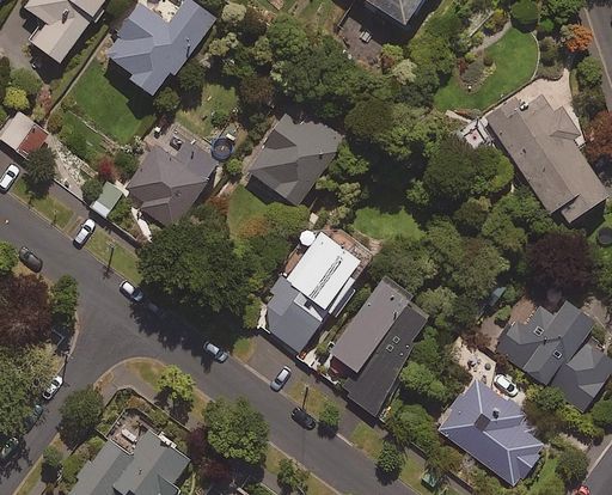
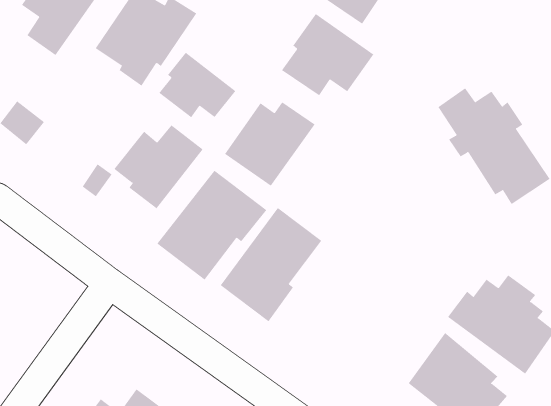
building: none -> [281,13,374,96]
building: none -> [159,52,236,118]
building: none -> [157,170,267,280]
building: [323,280,424,415] -> none

